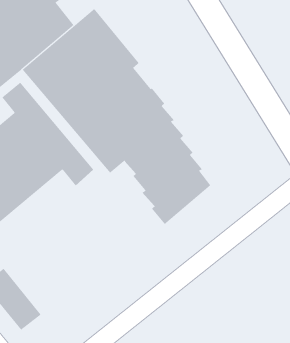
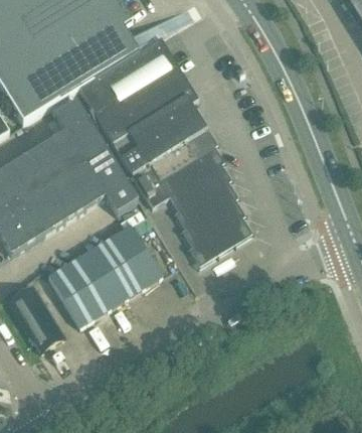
building: none -> [47,224,162,325]

